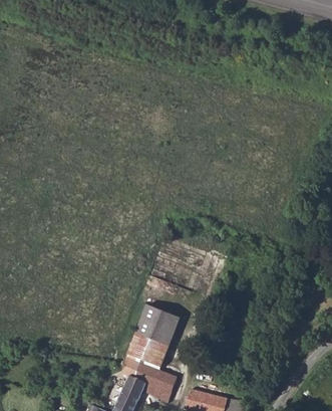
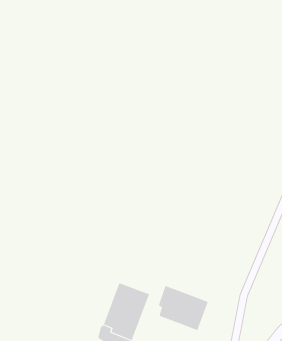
building: none -> [158,285,209,331]

